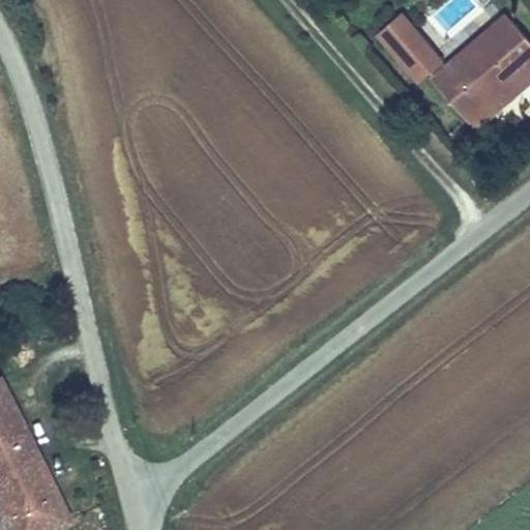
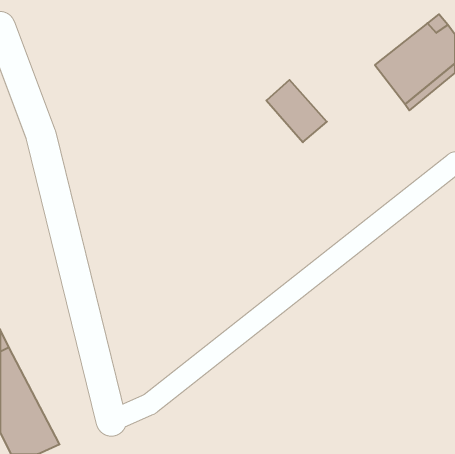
building: [374,12,444,85] -> [266,80,327,142]

